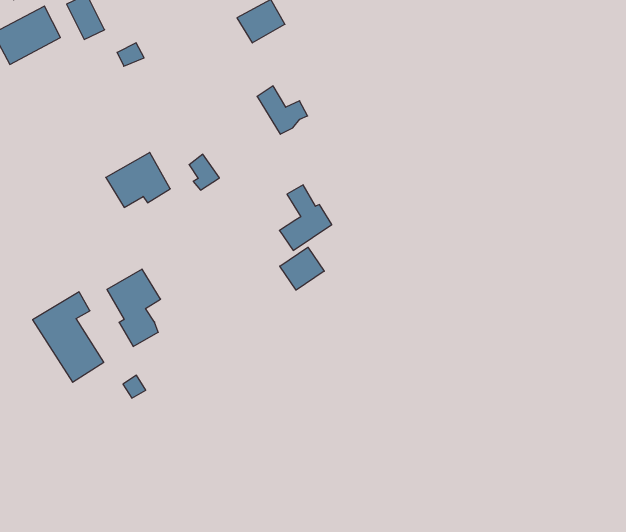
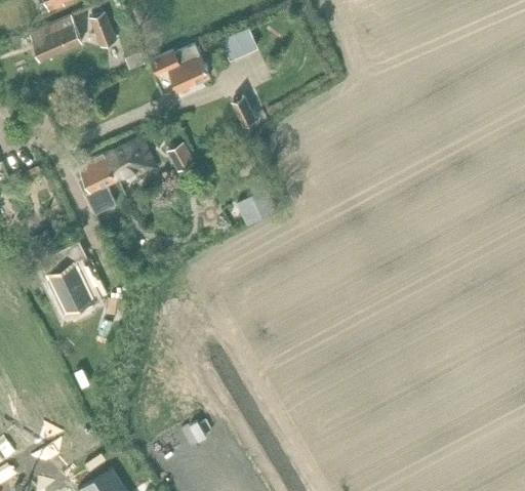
building: none -> [151,46,208,92]
building: [280,247,324,290] -> none
building: [107,269,161,346] -> [78,156,119,215]

